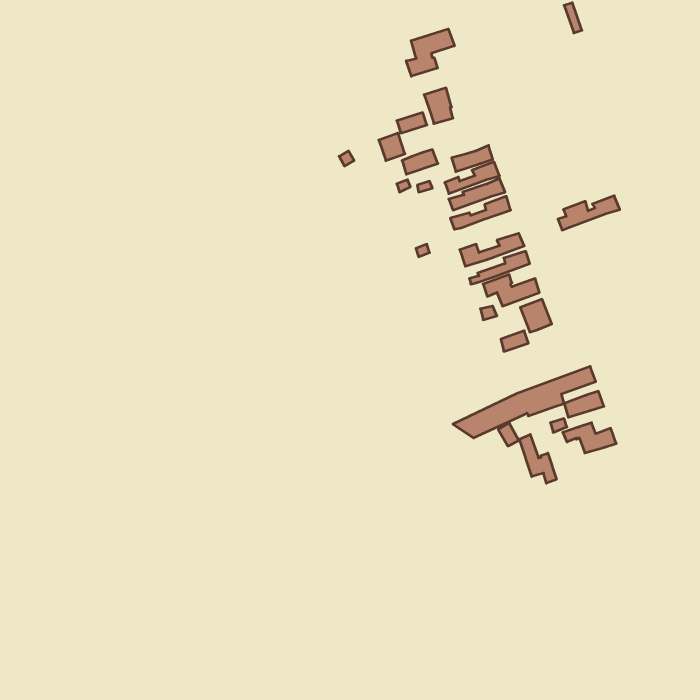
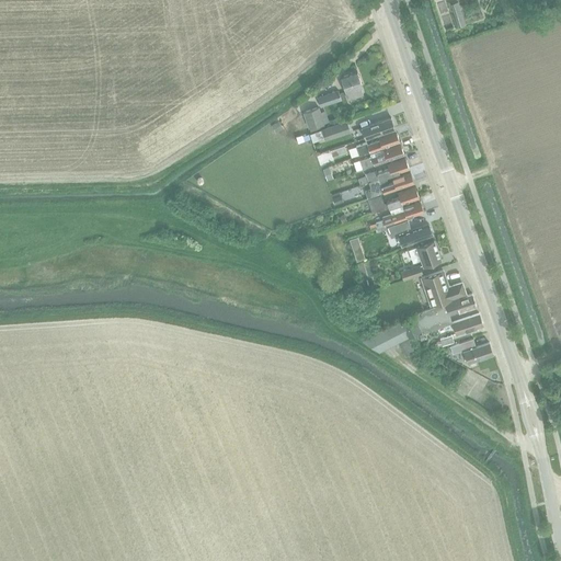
building: [406,29,454,76] -> none
building: [558,196,620,230] -> [364,171,413,198]
building: none -> [421,270,465,305]
building: [519,434,556,483] -> none

